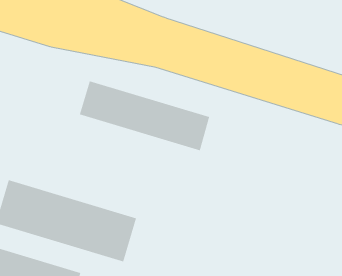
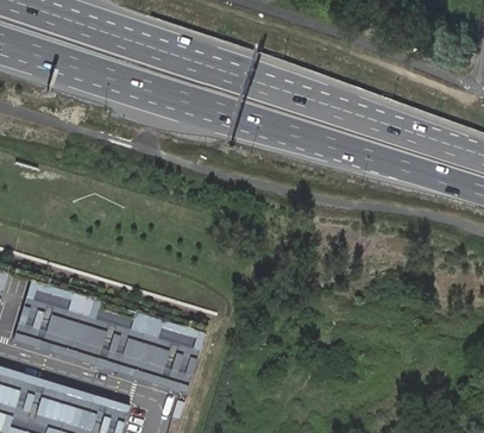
building: [79,80,210,151] -> none

